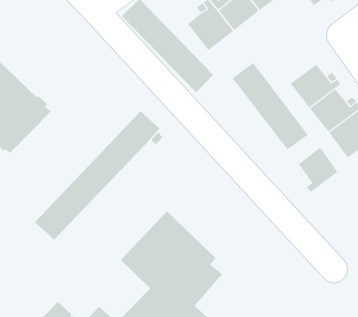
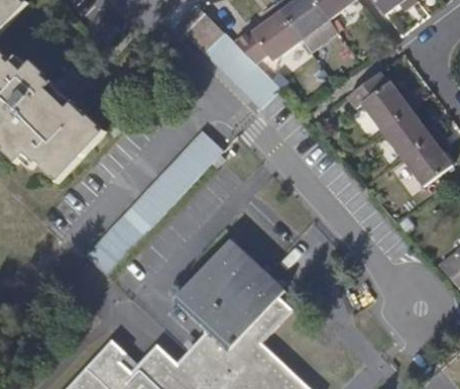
building: [232,62,308,150] -> none
building: [298,147,338,193] -> none

